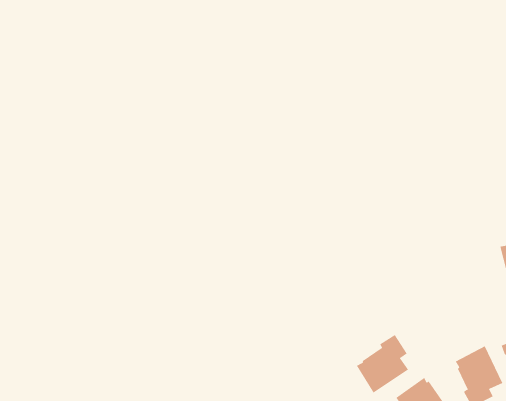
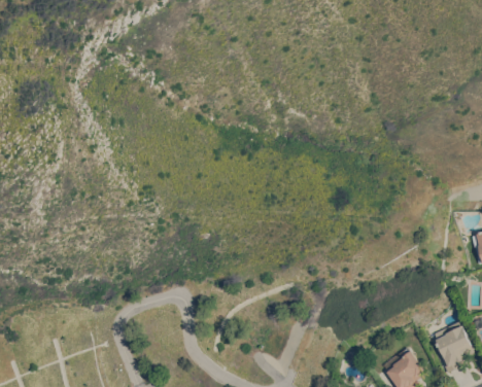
building: [356,334,409,393] -> none

